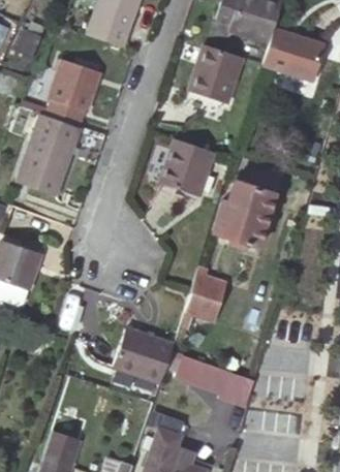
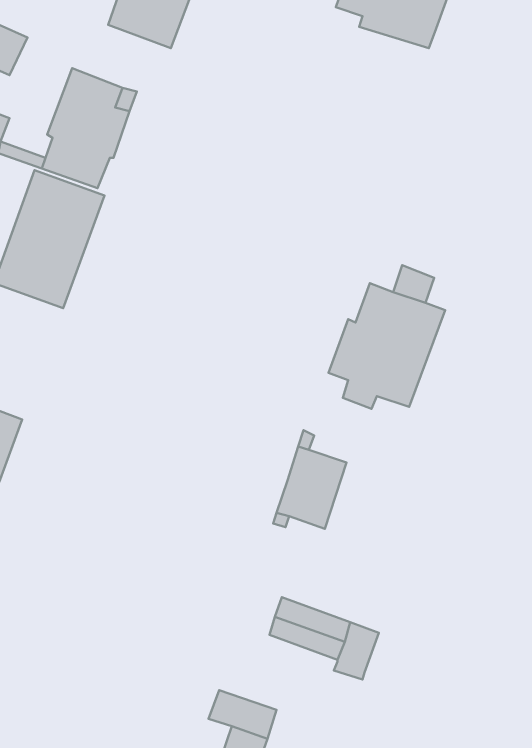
building: [266,32,326,80] -> none
building: [191,44,243,103] -> none
building: [163,137,214,194] -> none
building: [113,329,173,381] -> none

